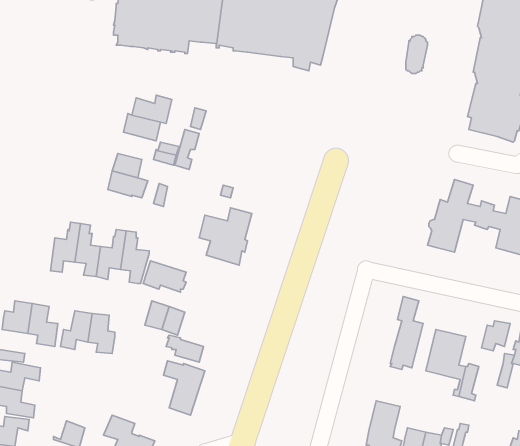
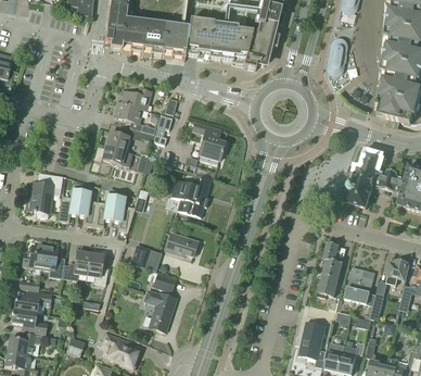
building: none -> [192,121,225,161]
building: none -> [28,174,61,217]
building: [143,261,186,292] -> [165,233,197,256]

